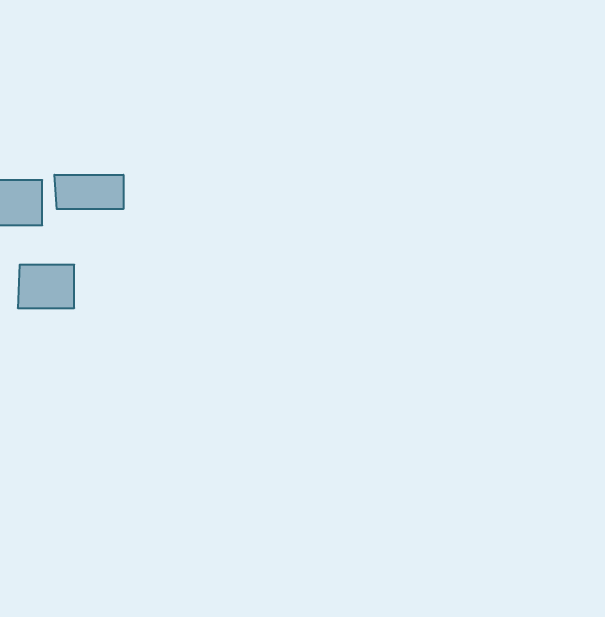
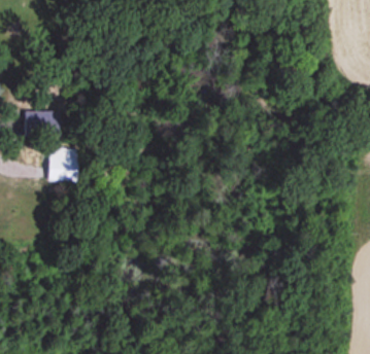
building: [54,175,123,209] -> none

